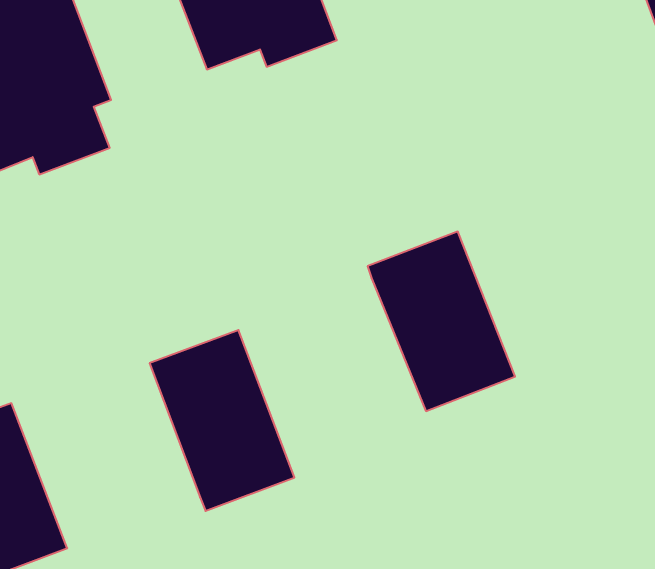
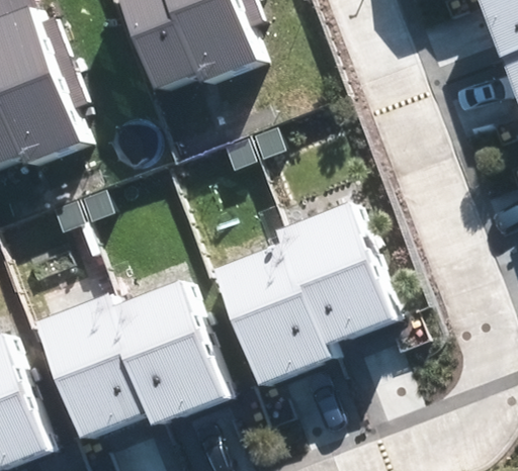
building: none -> [217,245,330,383]
building: none -> [42,299,153,437]

